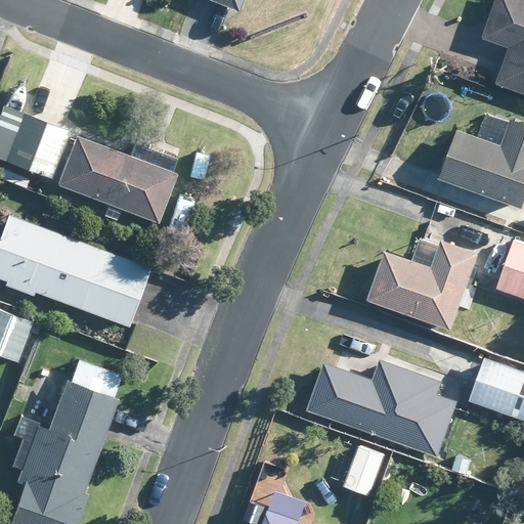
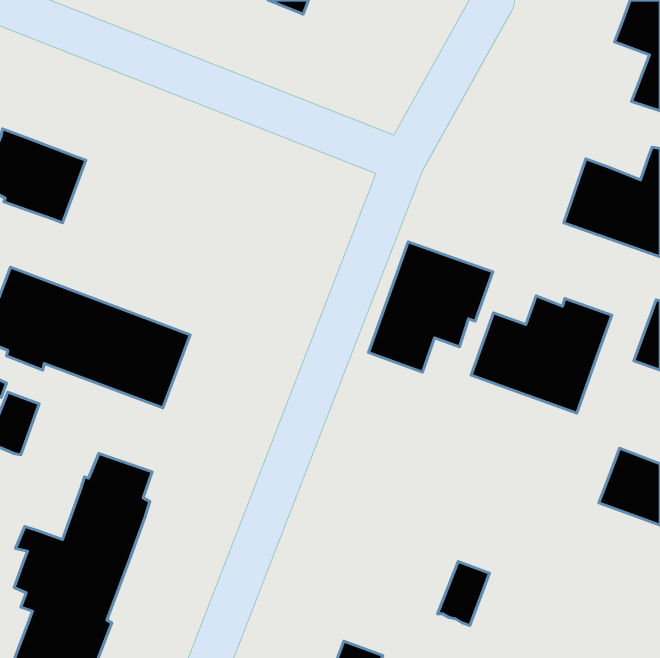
building: [56,135,177,225] -> none
building: none -> [369,242,493,372]
building: [331,363,454,438] -> none

